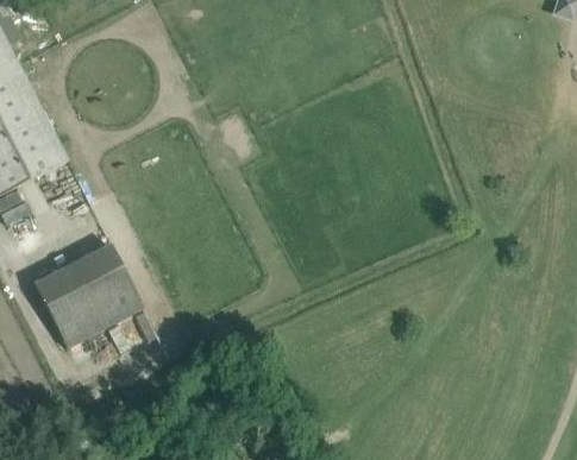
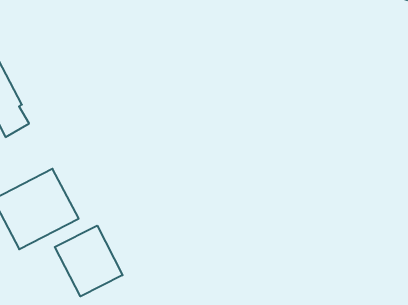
building: none -> [55,226,123,296]

